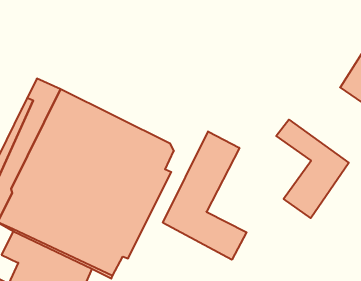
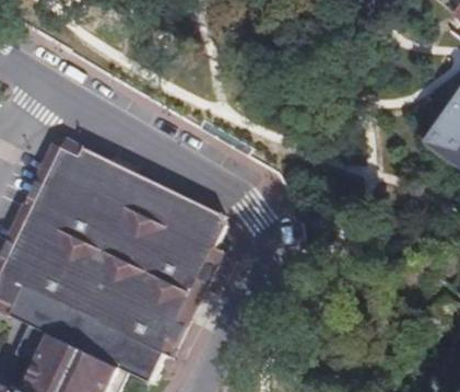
building: [276,120,349,218] -> none
building: [163,131,247,260] -> none

